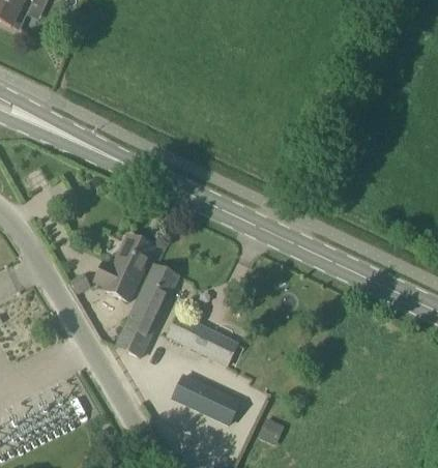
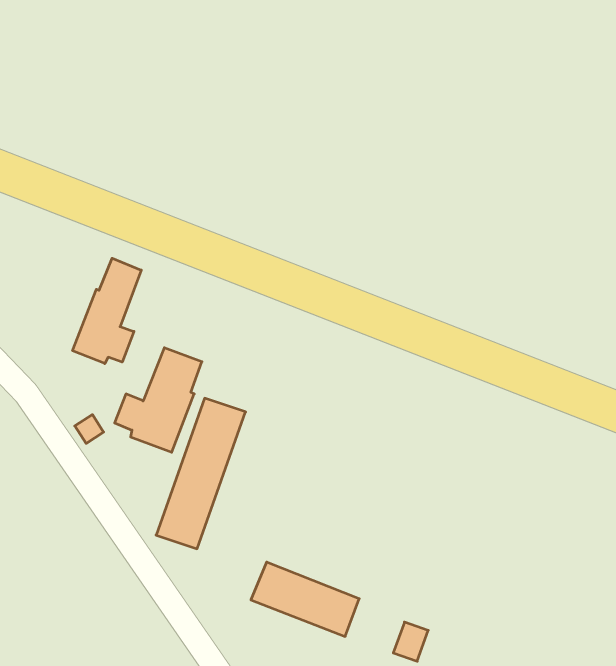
building: none -> [73,258,141,364]
building: [168,314,238,365] -> none

